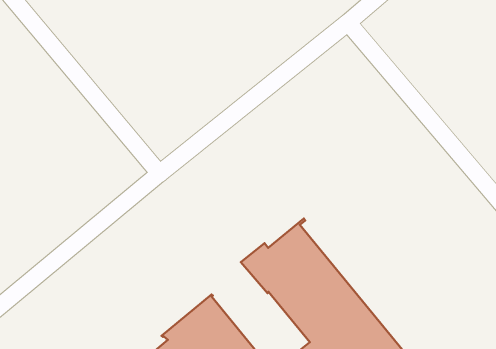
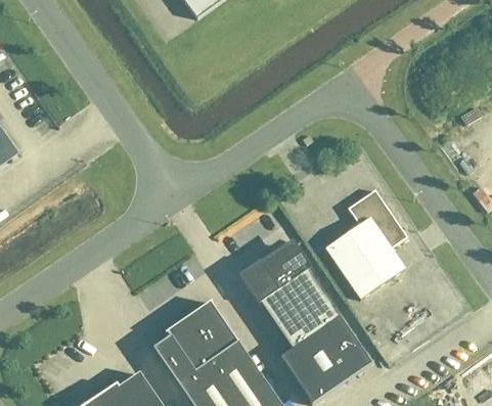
building: none -> [325,187,407,297]

